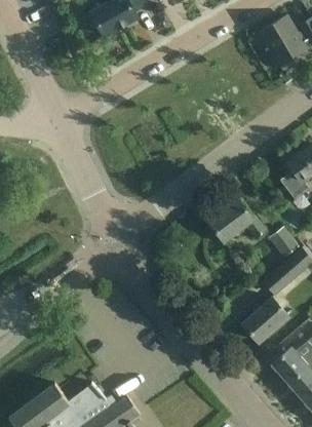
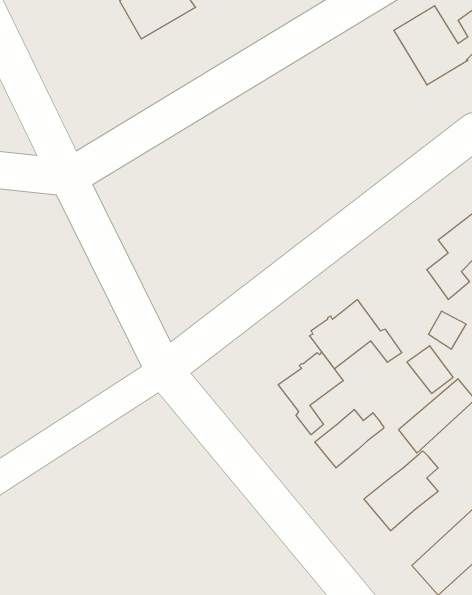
building: none -> [278,352,343,435]
building: none -> [315,409,384,468]

